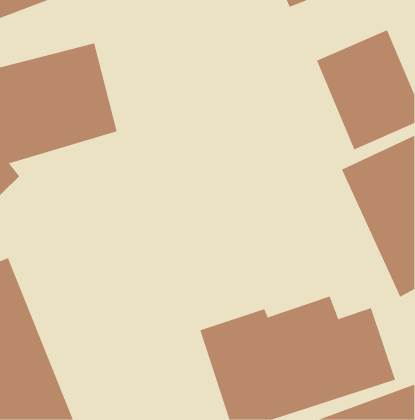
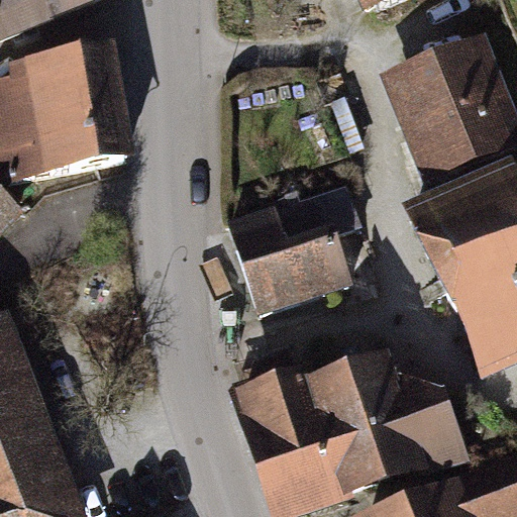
building: none -> [226,184,344,308]

